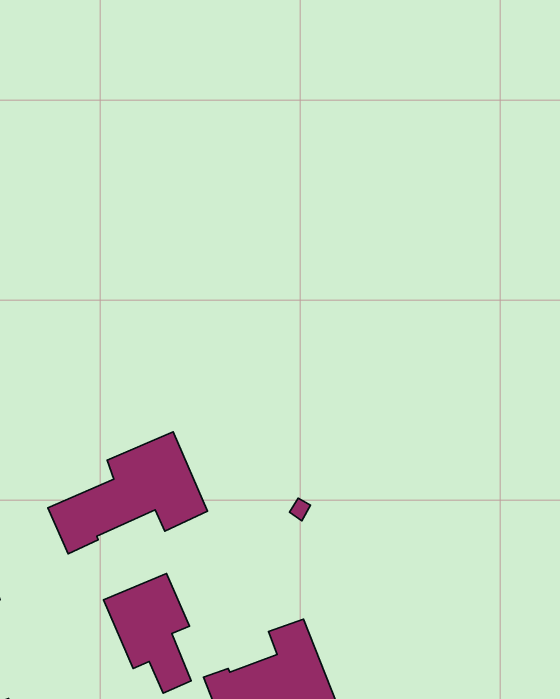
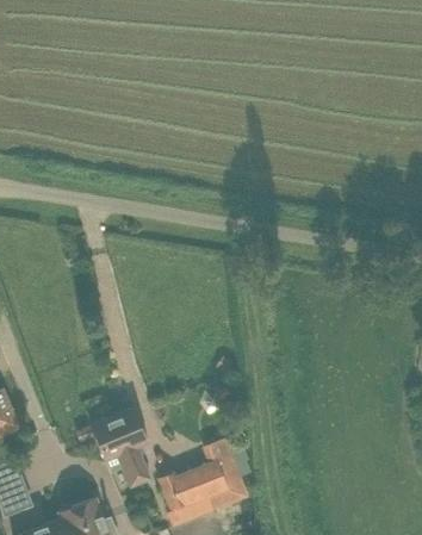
building: [48,432,208,554] -> none

